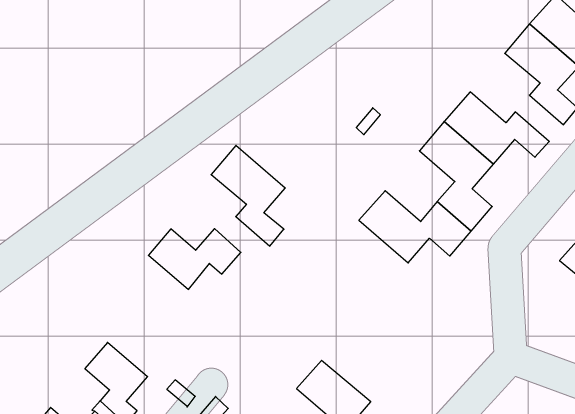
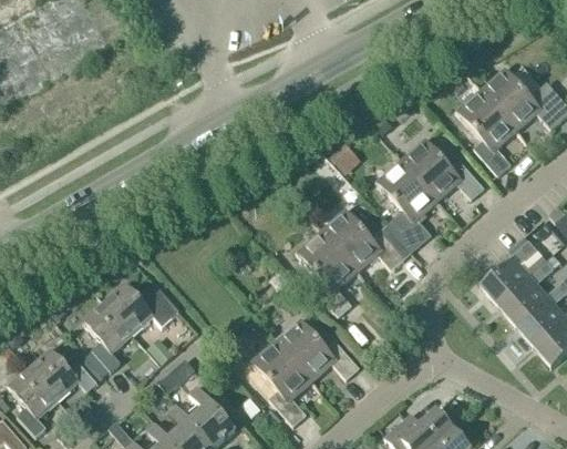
building: [211,145,285,246] -> [299,231,358,316]
building: [148,229,241,289] -> [105,284,181,335]
building: none -> [277,319,360,379]

